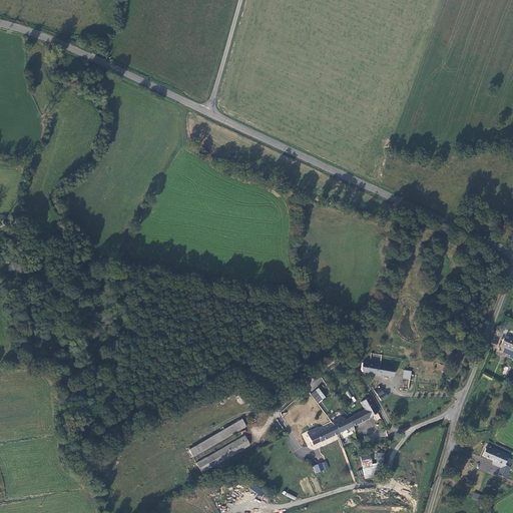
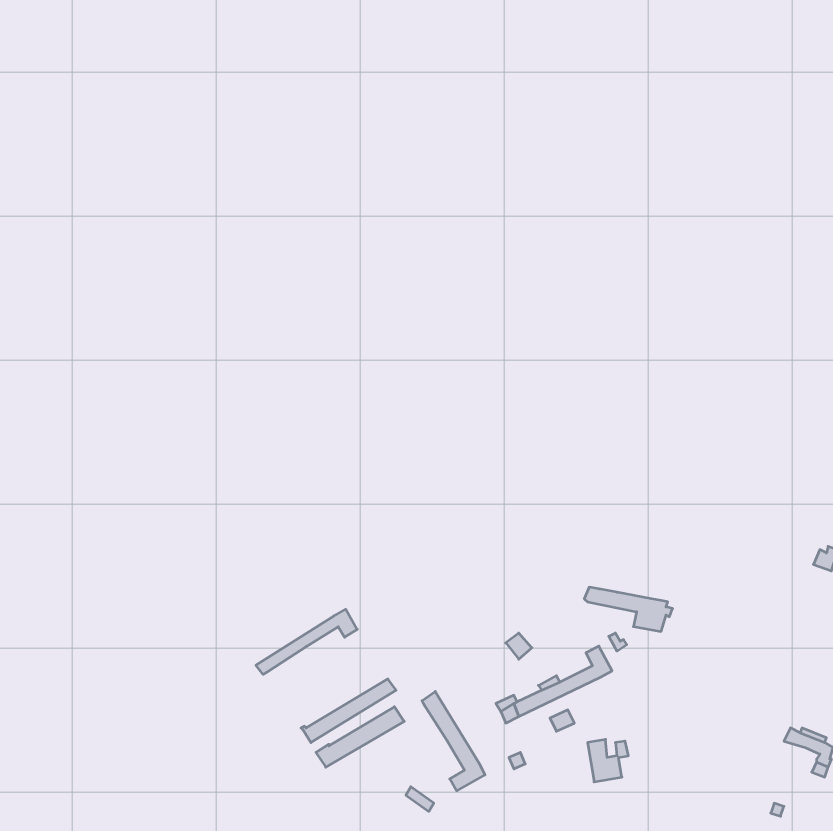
building: none -> [256,609,357,674]
building: none -> [422,691,485,791]

